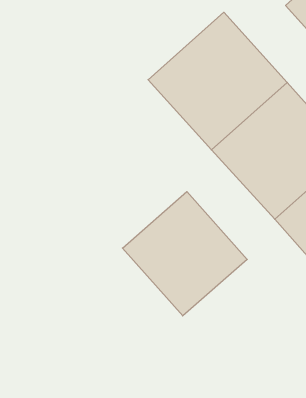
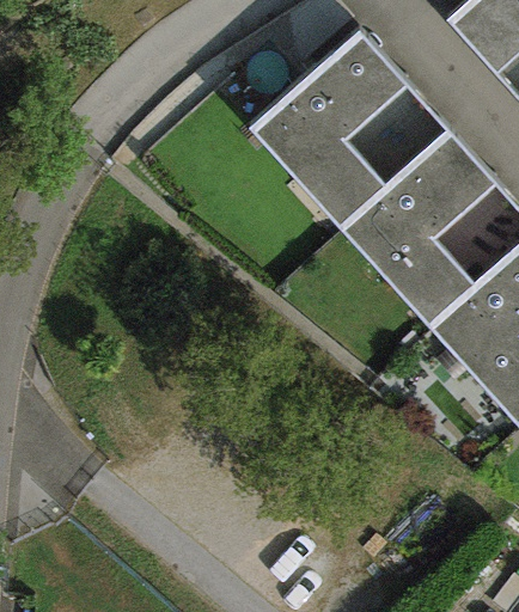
building: [122,192,247,316] -> none

